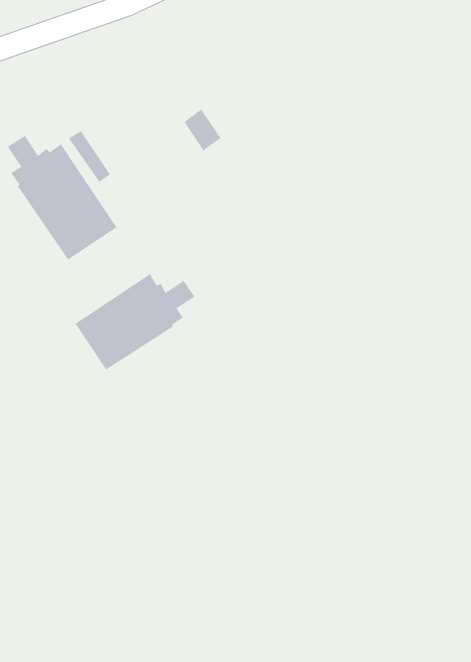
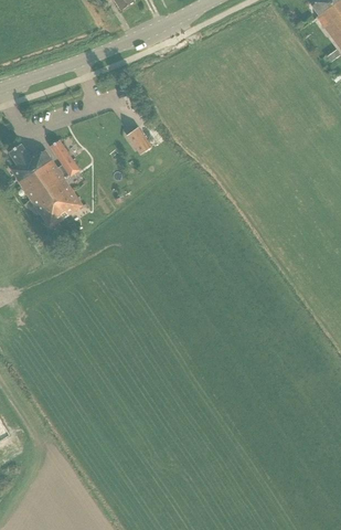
building: [74,273,195,371] -> none

